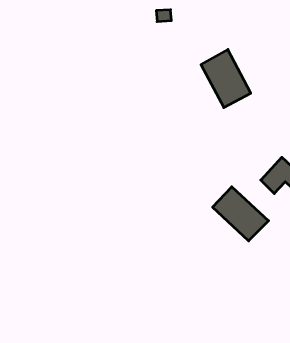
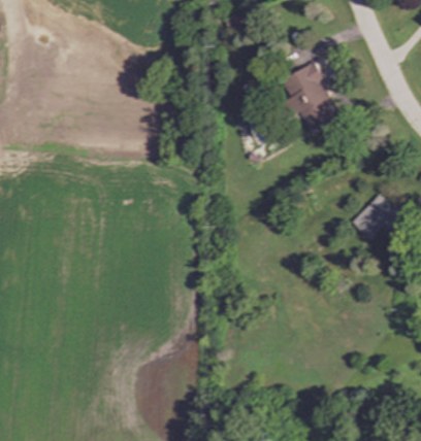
building: [213,187,269,241] -> none

